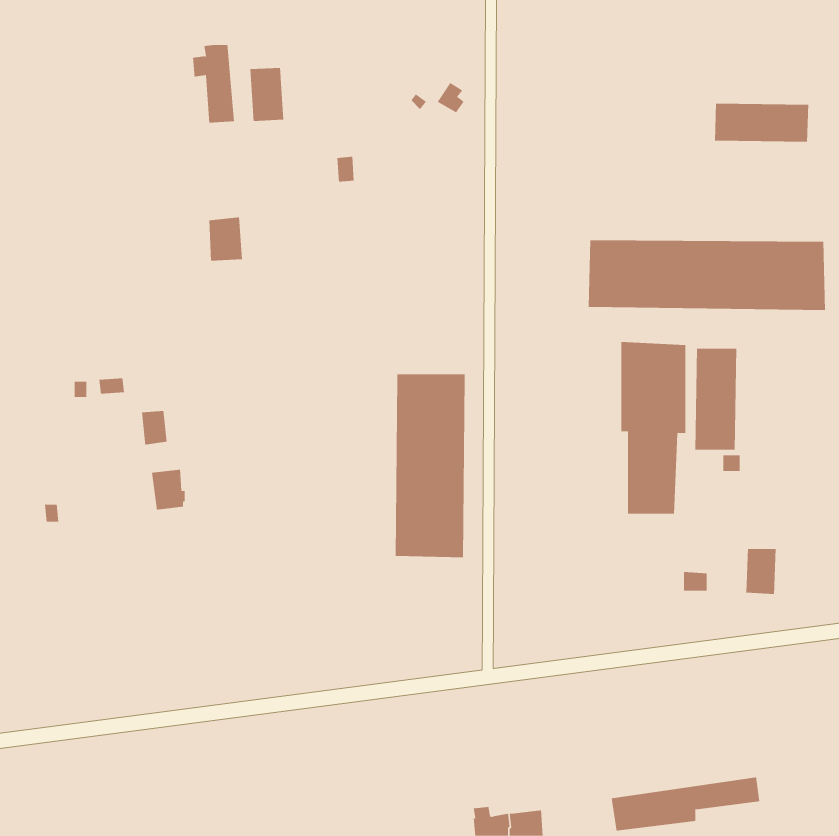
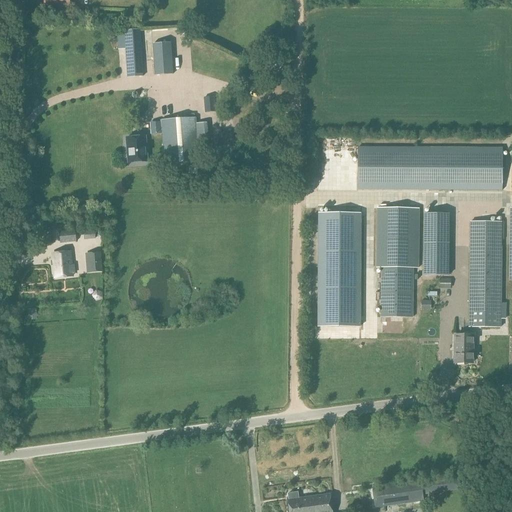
building: [714,103,809,143] -> none
building: none -> [149,116,205,161]
building: none -> [469,219,505,325]
building: [395,374,466,558] -> [316,212,359,324]
building: [151,469,186,510] -> [52,251,73,276]

